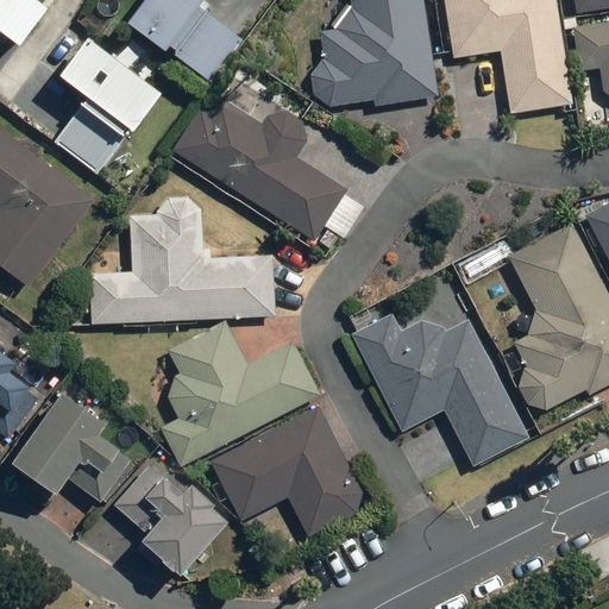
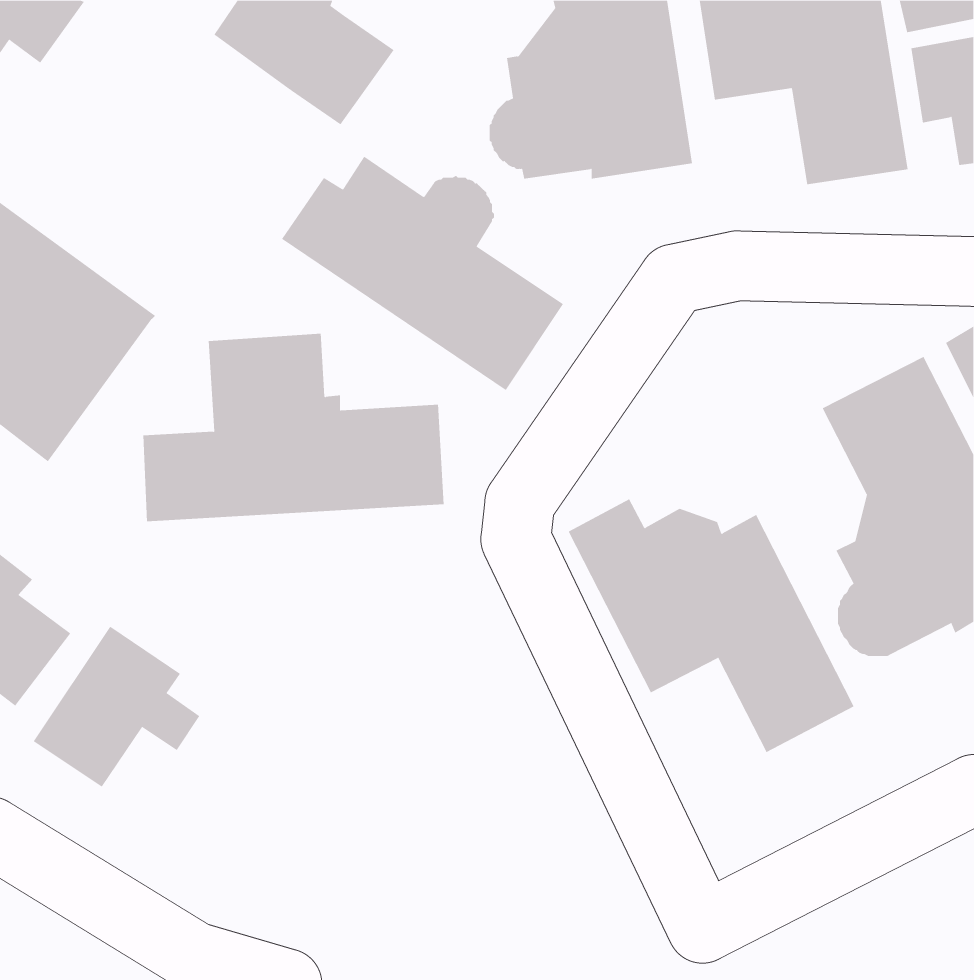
building: [56,34,168,171] -> none
building: [159,320,321,467] -> none
building: [211,407,360,536] -> none
building: [118,463,233,569] -> none

